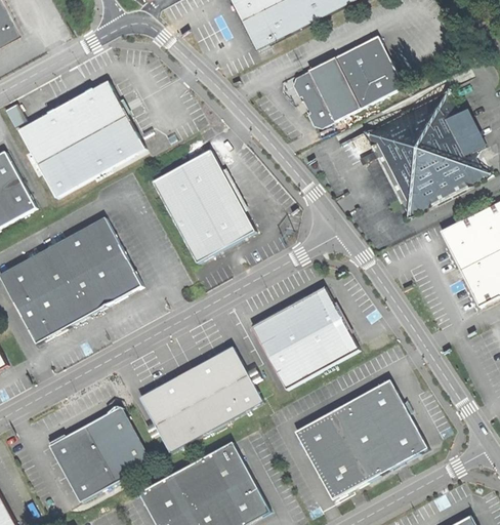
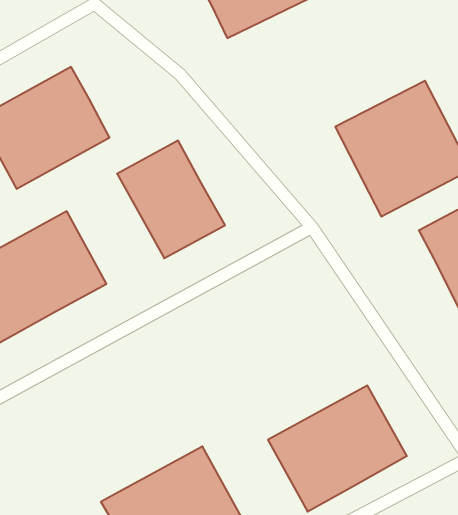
building: [292,37,402,130] -> none
building: [253,287,360,390] -> none
building: [140,347,264,453] -> none
building: [49,407,150,501] -> none

